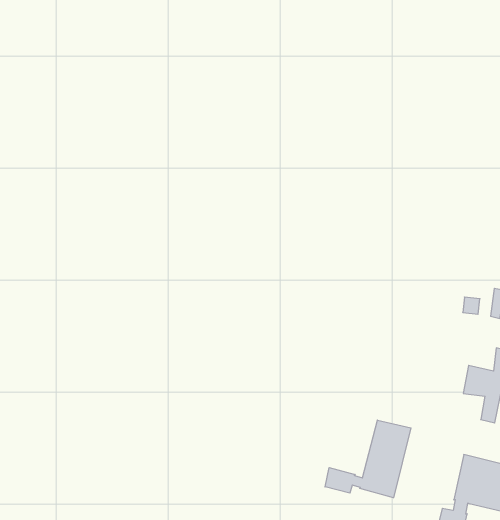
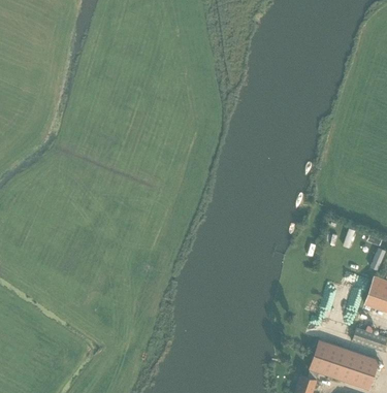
building: [325,420,411,498] -> none

